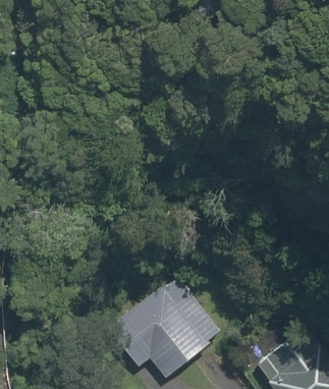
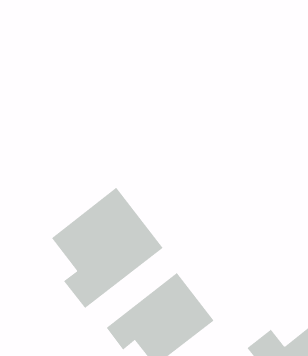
building: none -> [51,187,163,309]

